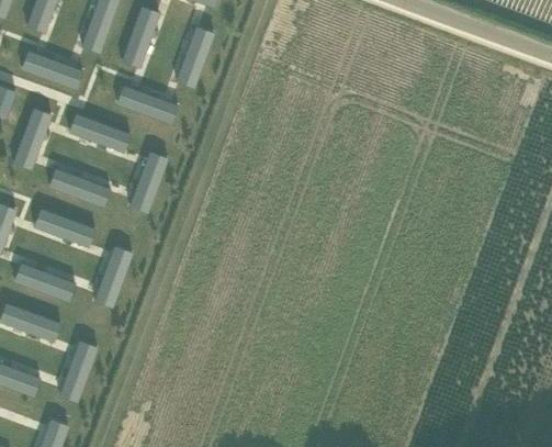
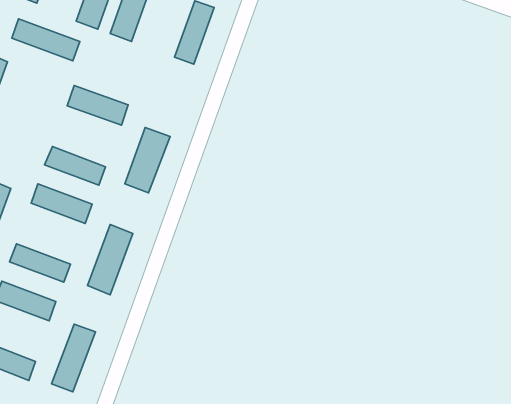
building: [115,87,179,124] -> none
building: [10,108,50,171] -> none

